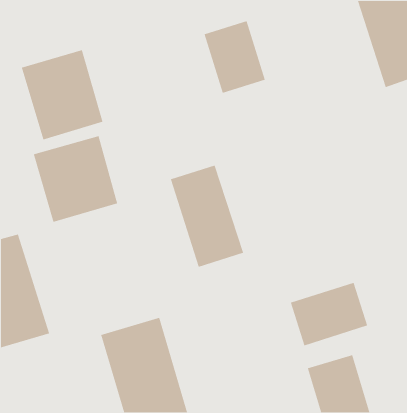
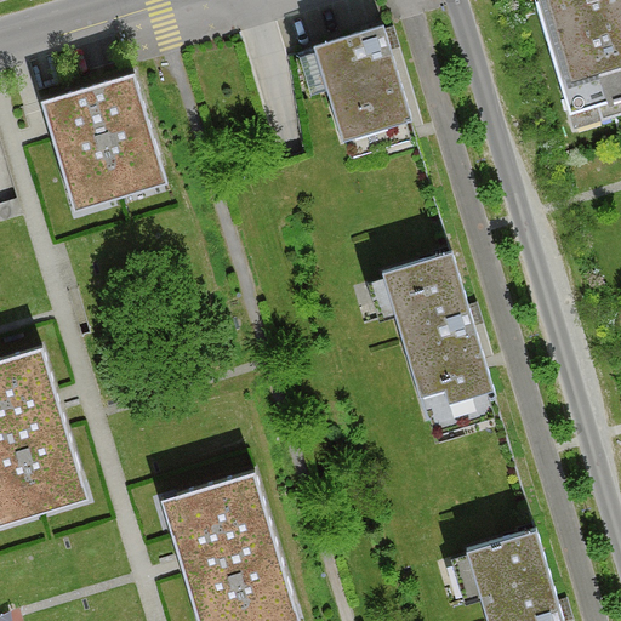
building: [33,135,118,223] -> none
building: [170,164,244,268] -> [384,257,496,412]
building: [290,282,368,346] -> none

